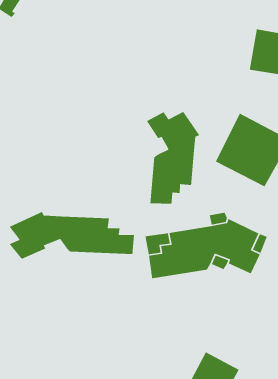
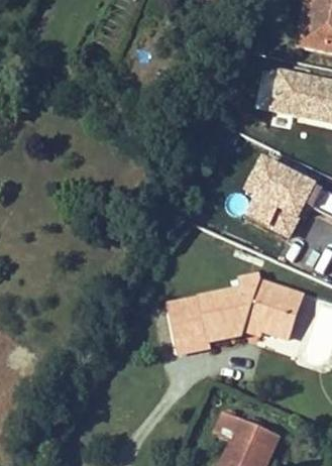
building: [146,111,200,205] -> none
building: [9,211,135,260] -> none

